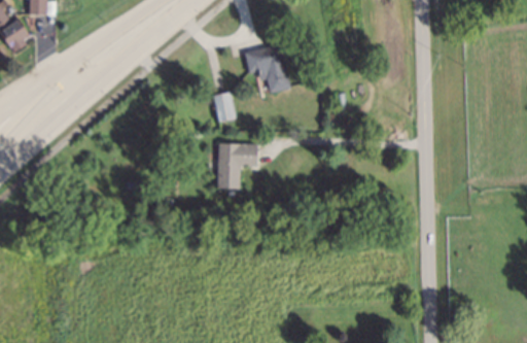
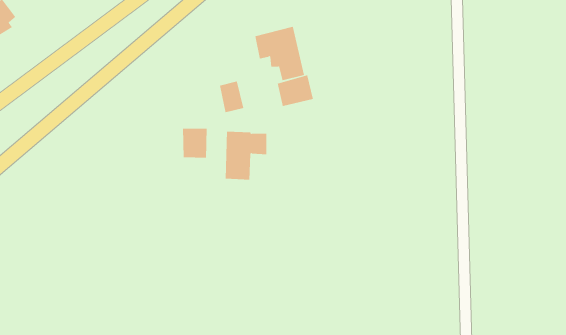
building: none -> [277,75,314,107]
building: none -> [182,128,207,159]

